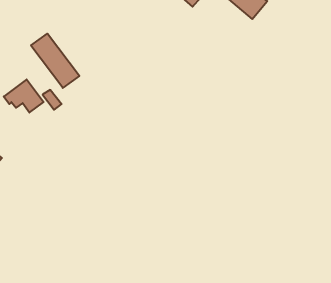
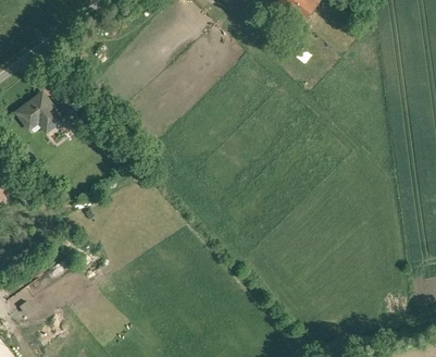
building: [31,34,79,88] -> none

